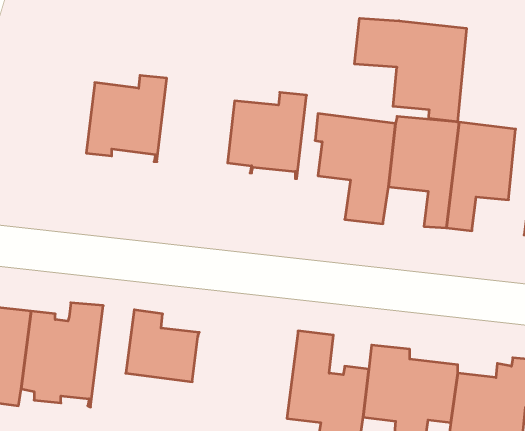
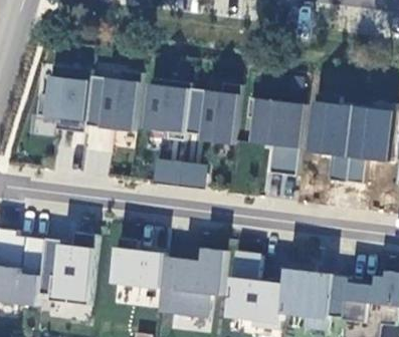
building: [355,18,466,122] -> none
building: none -> [36,65,90,133]
building: none -> [144,78,190,141]
building: none -> [148,157,202,185]
building: none -> [156,248,225,318]

